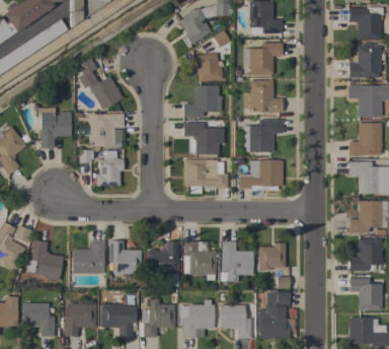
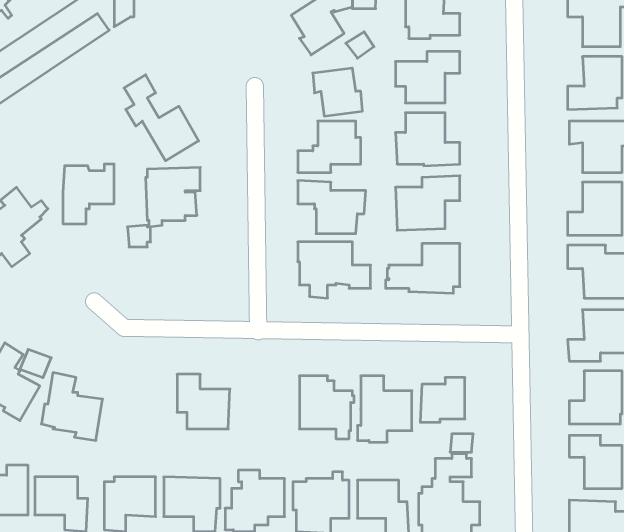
building: [96,150,124,186] -> none
building: [73,240,104,274] -> none
building: [147,241,179,273] -> none

